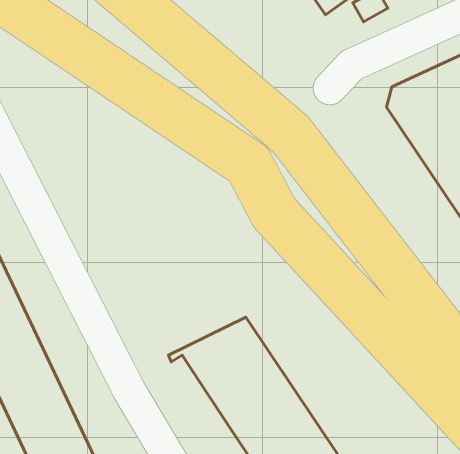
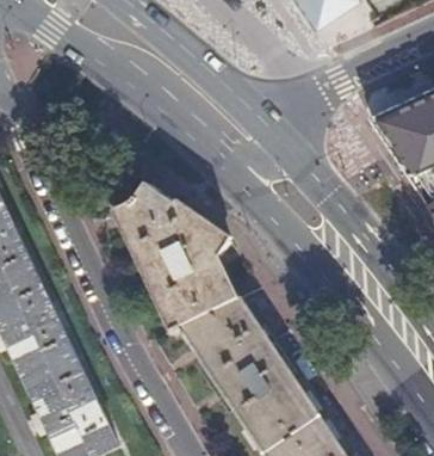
building: none -> [114,184,240,331]

